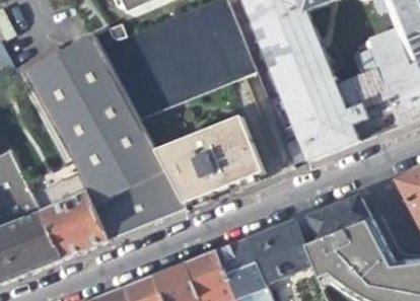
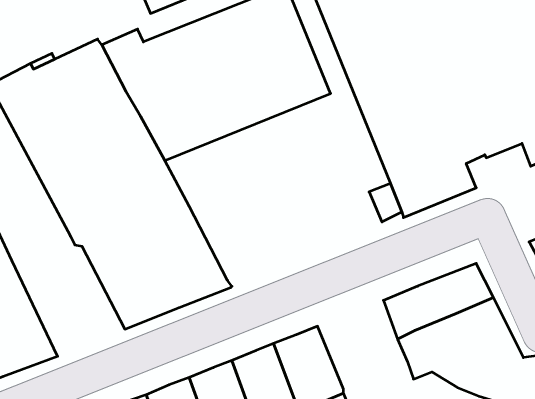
building: [156,121,261,206] -> none
building: [30,174,111,259] -> none
building: [248,220,311,283] -> none

